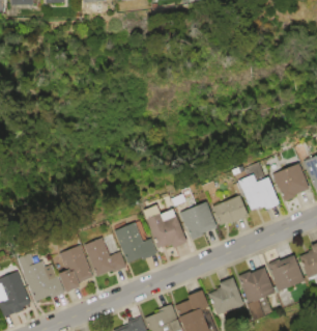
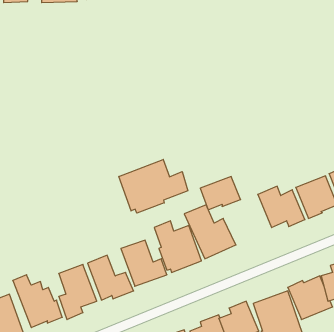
building: none -> [119,159,188,213]
building: [214,195,251,225] -> [200,177,241,210]

